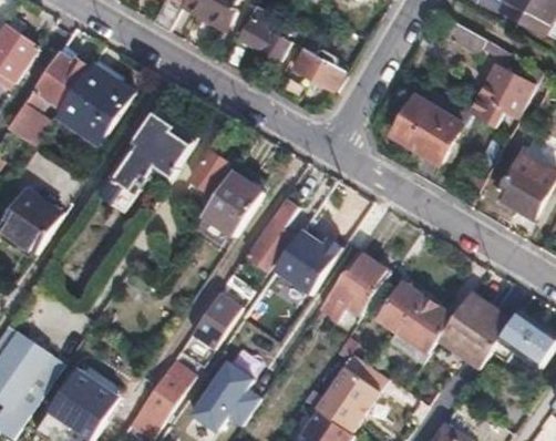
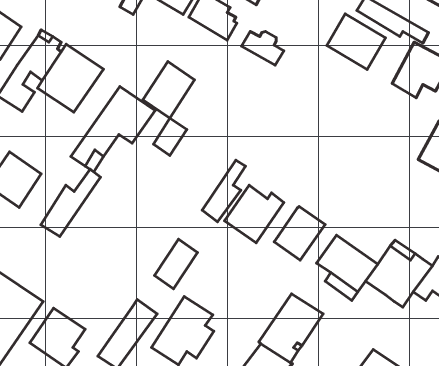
building: [393,98,461,162] -> [327,14,385,70]
building: [203,172,262,237] -> [143,61,195,118]
building: none -> [41,169,100,236]

